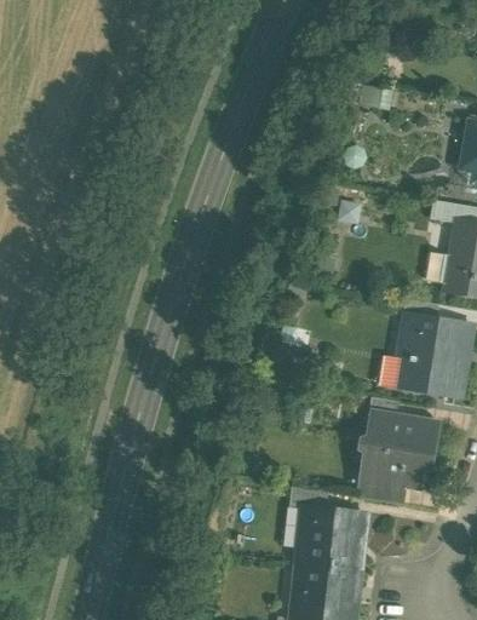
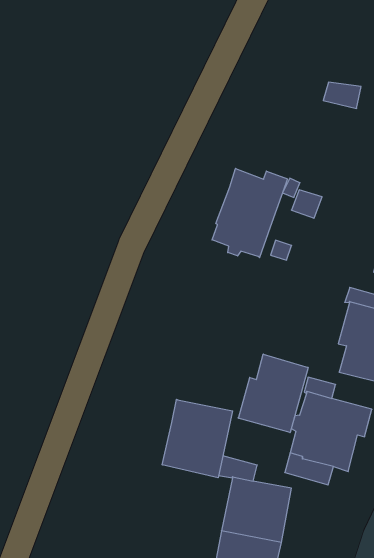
building: none -> [212,168,288,258]
building: none -> [238,354,308,433]
building: none -> [162,399,233,478]

